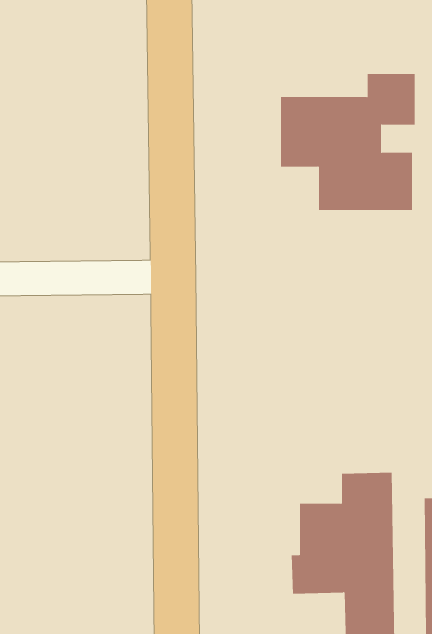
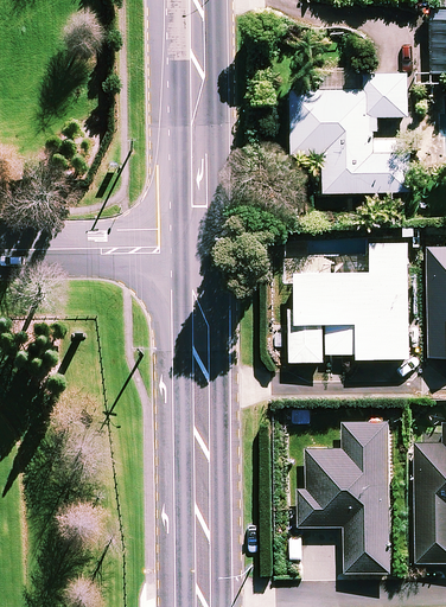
building: none -> [288,244,408,362]

